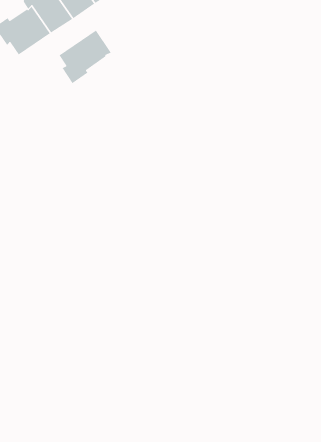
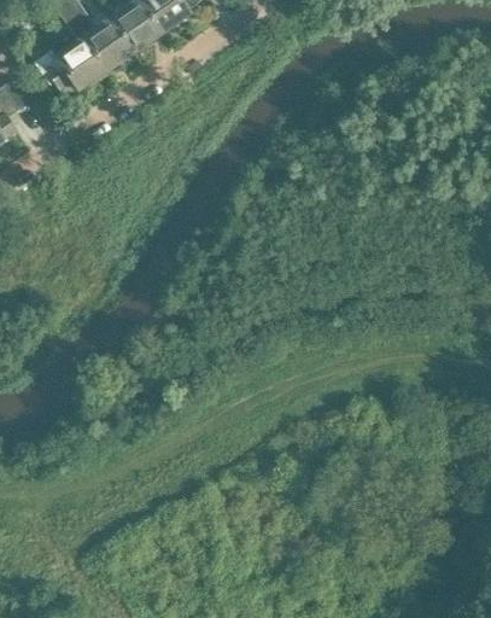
building: [59,29,112,84] -> none

